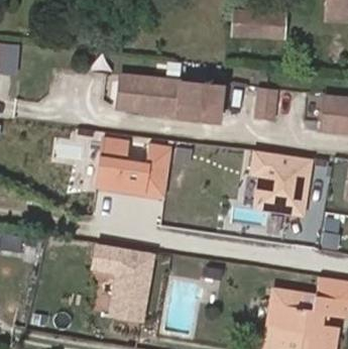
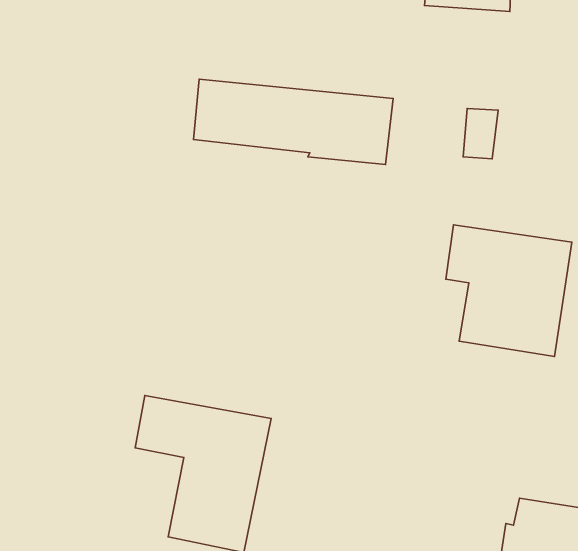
building: [93,138,172,204] -> none

